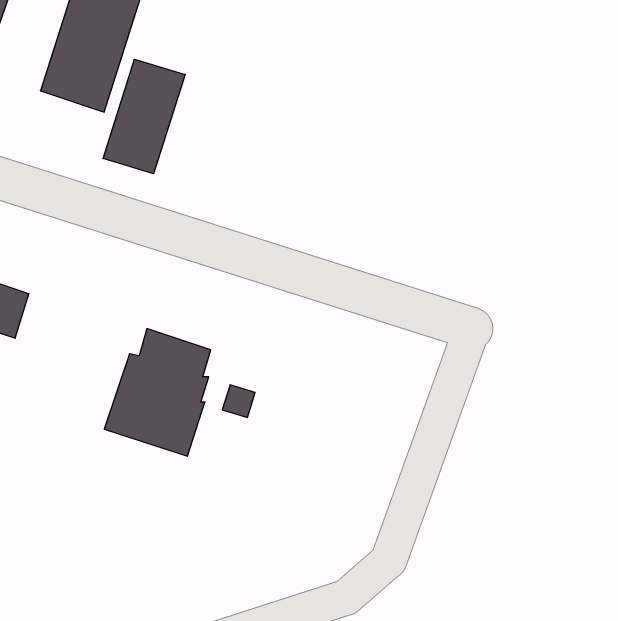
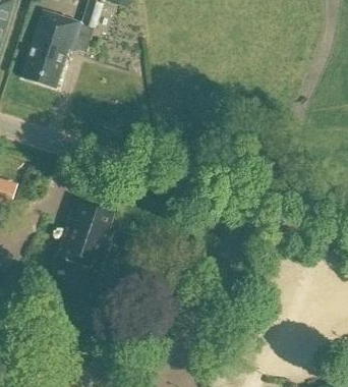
building: [103,59,185,174] -> none

